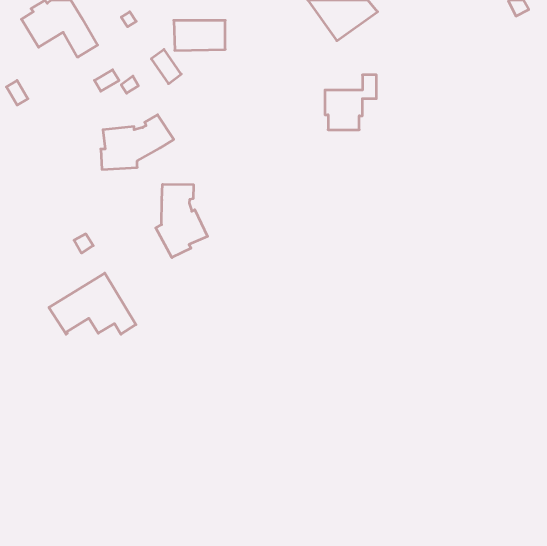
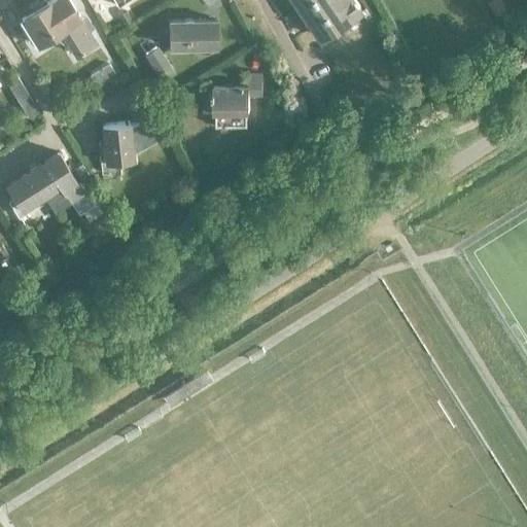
building: [325,75,376,130] -> [214,75,264,128]
building: [156,184,208,258] -> none
building: [49,273,136,334] -> [5,153,89,212]

